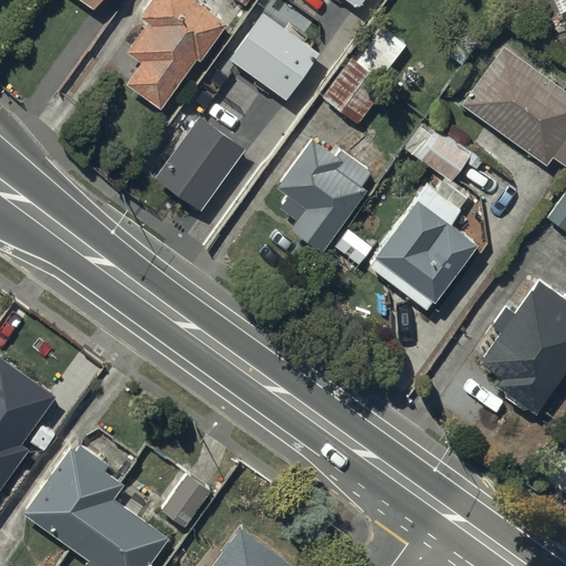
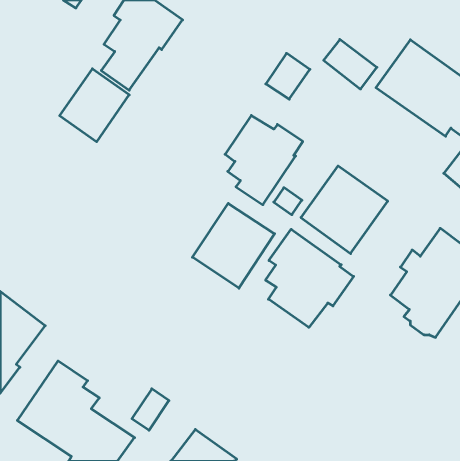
building: [231,9,321,94] -> none
building: [158,109,243,199] -> [60,69,129,142]
building: [405,122,470,182] -> [324,39,377,89]
building: none -> [192,203,275,288]
building: none -> [266,229,354,327]

